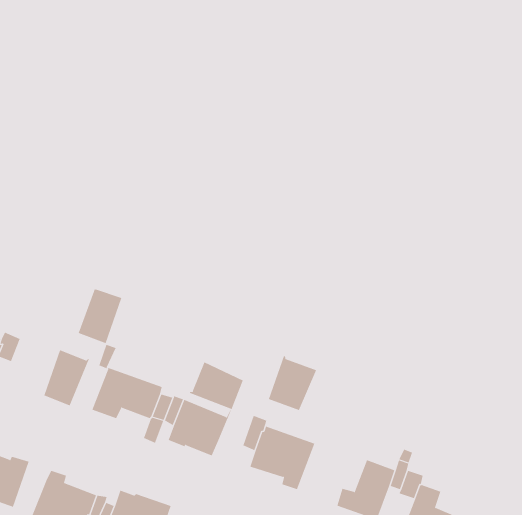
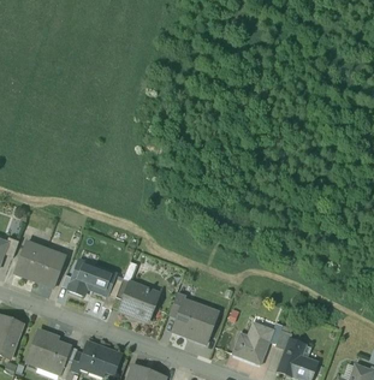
building: [78,285,122,344] -> [14,239,44,279]
building: [268,355,317,411] -> none
building: [189,362,244,410] -> none

